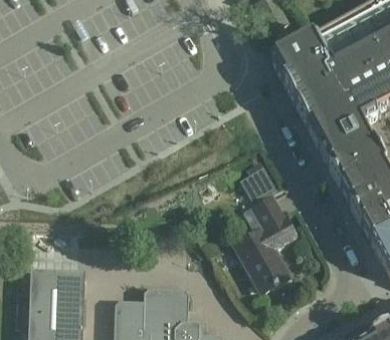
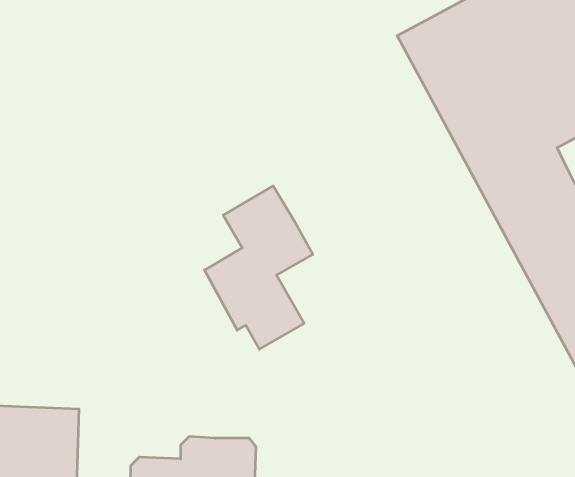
building: [242,161,275,201] -> none
building: [233,196,297,291] -> [204,186,313,349]

